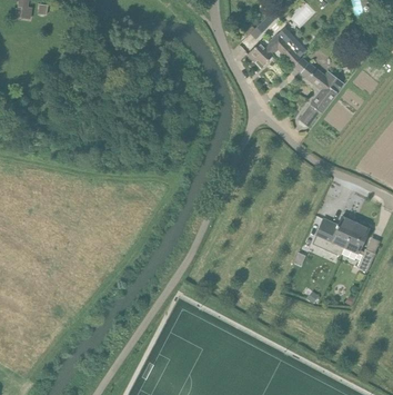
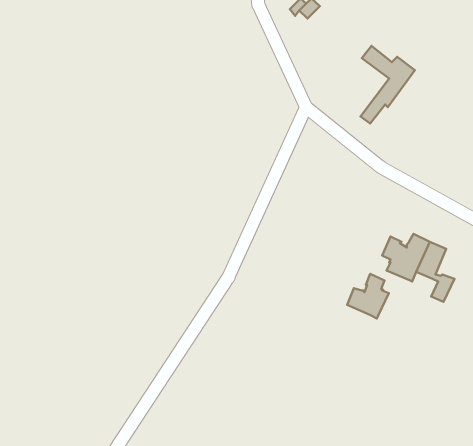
building: [248,32,301,63] -> none
building: none -> [347,274,389,318]

